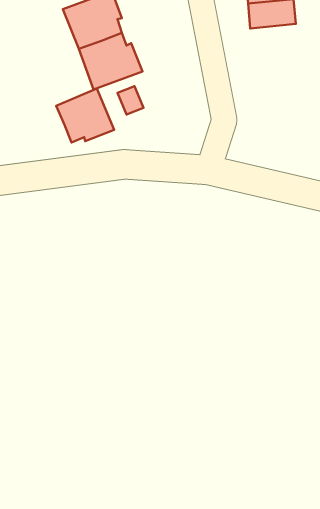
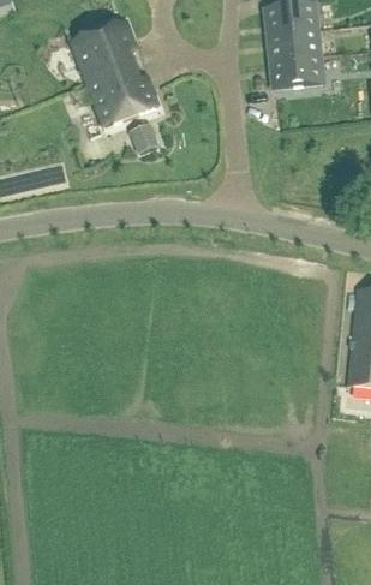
building: none -> [270,56,322,88]
building: [56,88,114,142] -> none

